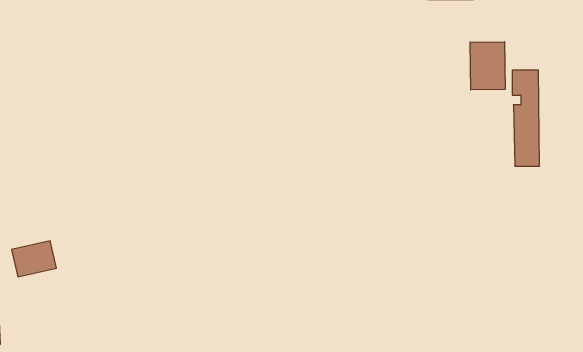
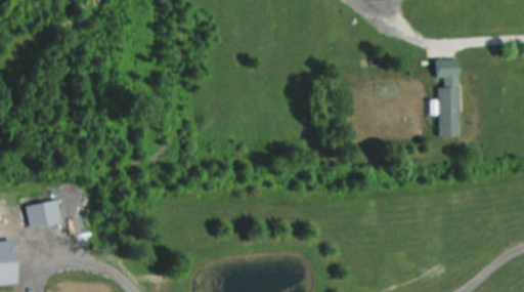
building: [470,42,505,90] -> none

